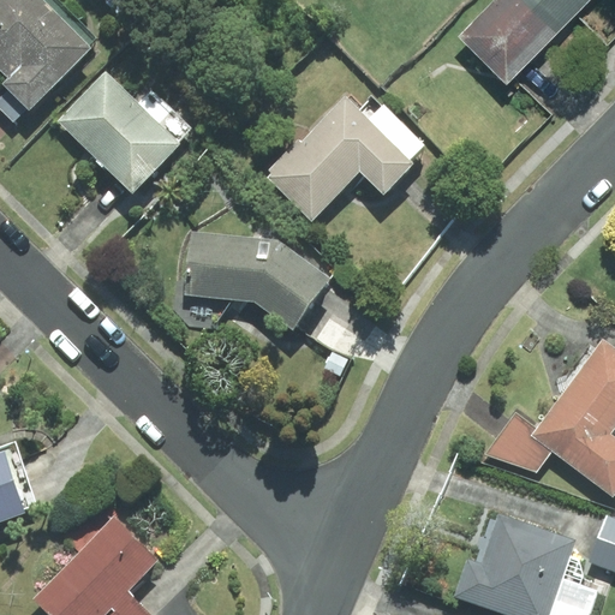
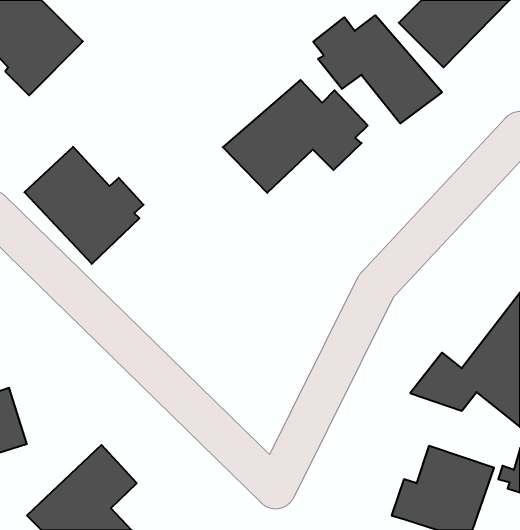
building: none -> [313,15,442,123]
building: [54,62,192,198] -> [24,147,144,264]
building: [184,229,335,332] -> none

